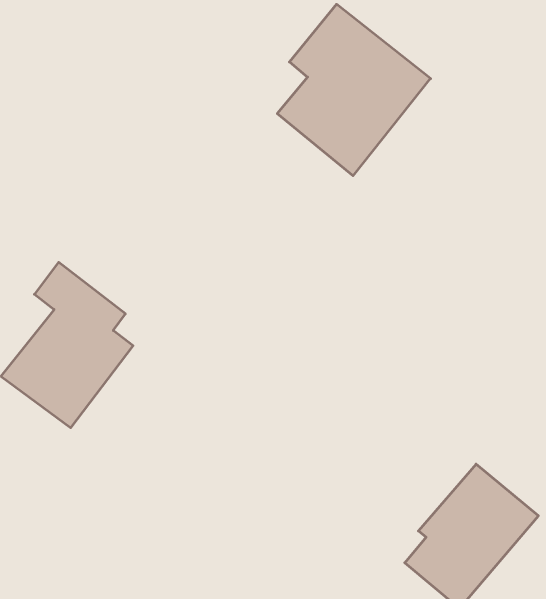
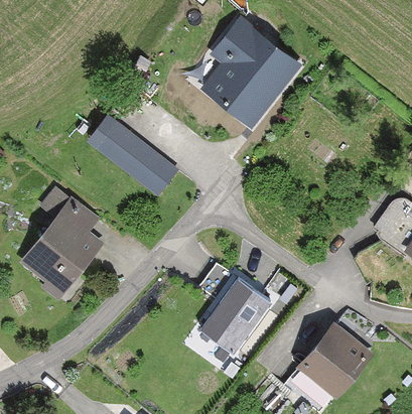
building: none -> [95,122,178,197]
building: none -> [198,262,269,352]

